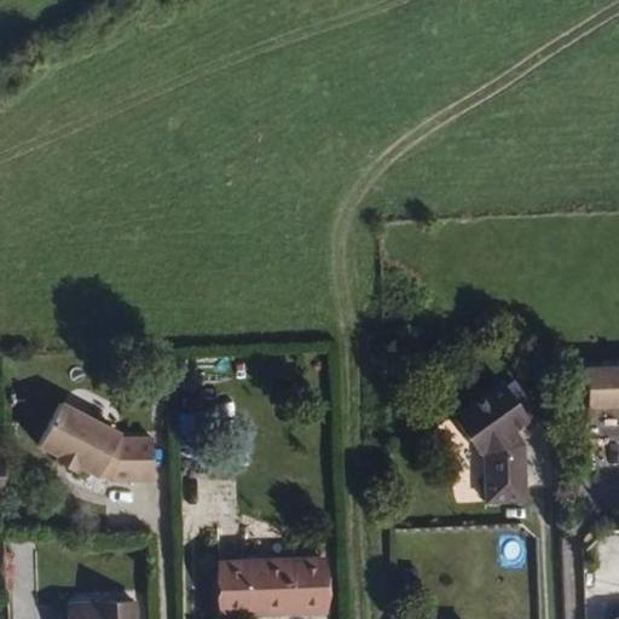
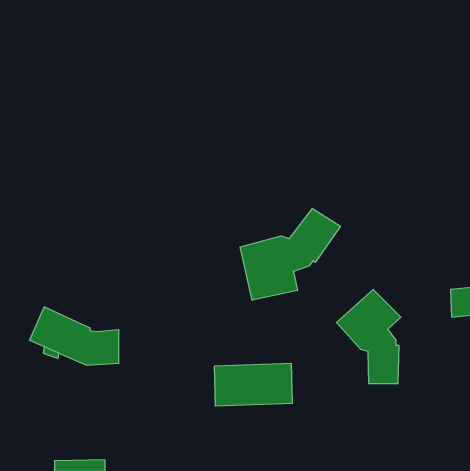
building: none -> [240,209,340,300]
building: [228,557,331,613] -> [214,364,293,406]

